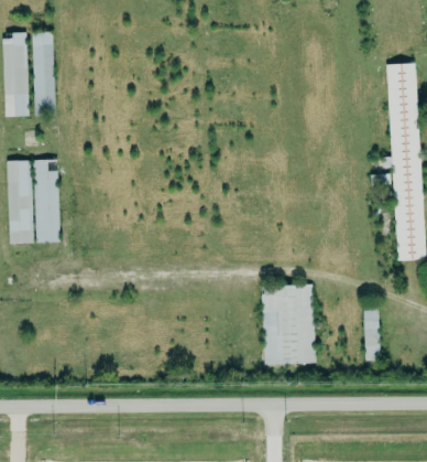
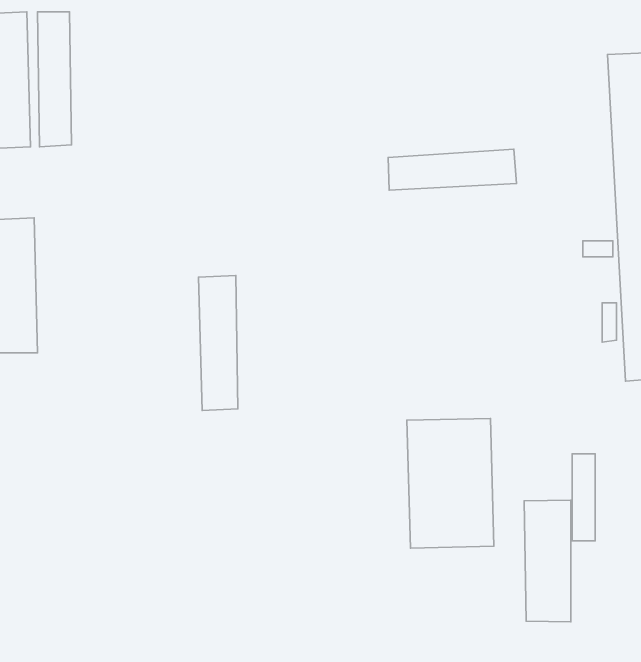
building: none -> [388,149,517,190]
building: [35,159,59,243] -> [199,275,238,410]
building: none -> [524,500,571,622]

